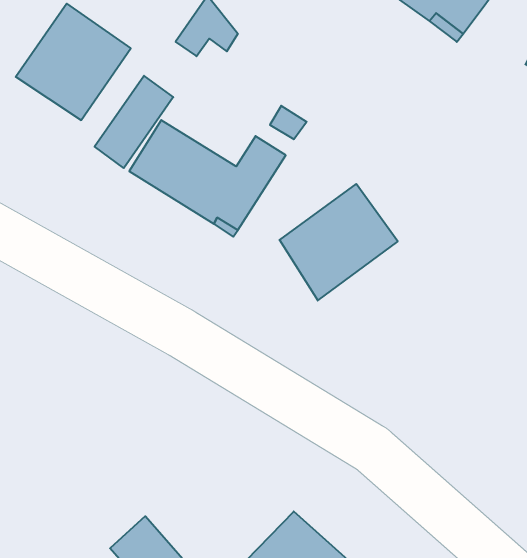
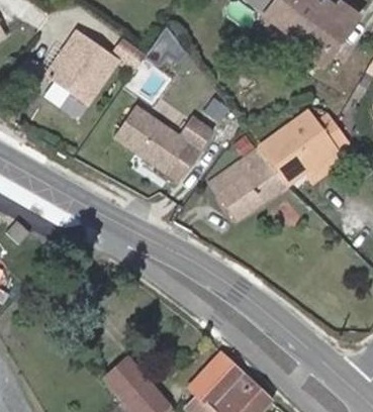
building: [95,76,173,168] -> none
building: none -> [260,112,347,183]

